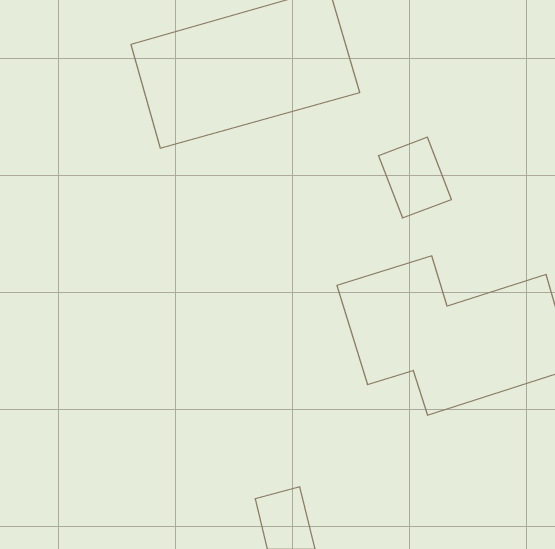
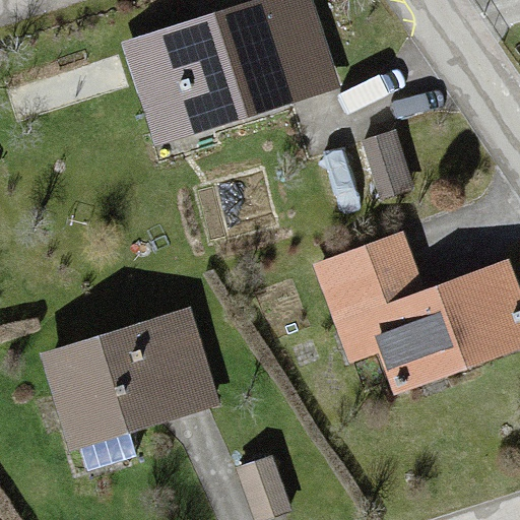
building: none -> [41,310,219,452]

